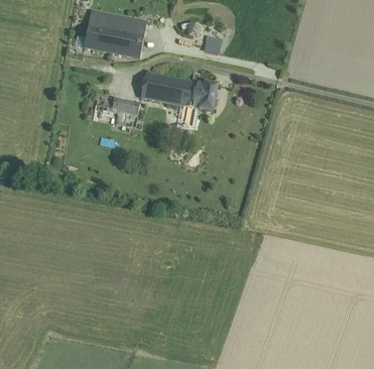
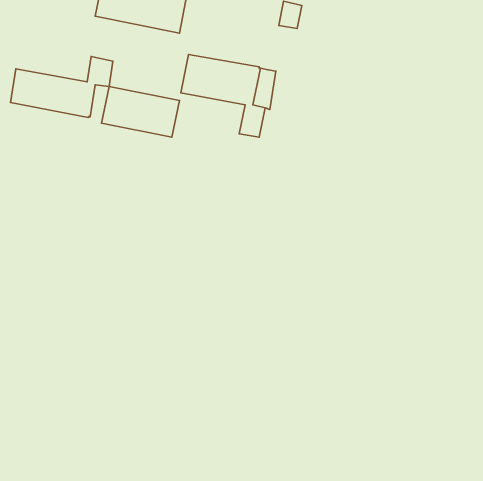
building: none -> [10,56,113,118]
building: [198,82,218,111] -> none

